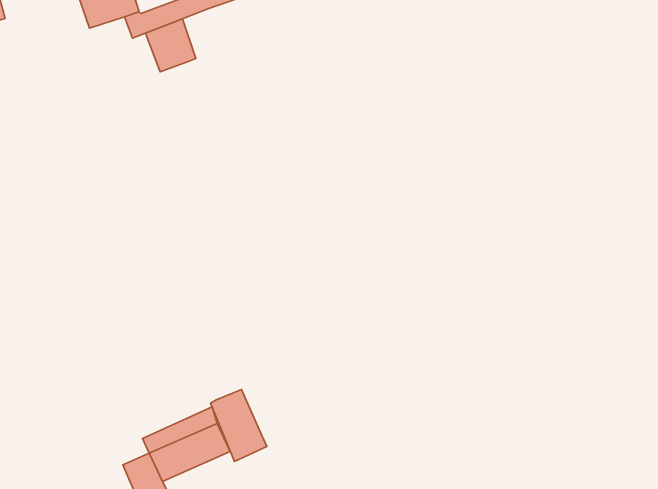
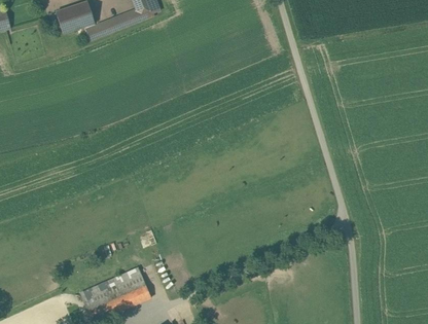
building: [145,19,196,72] -> none
building: [210,389,267,461] -> none

